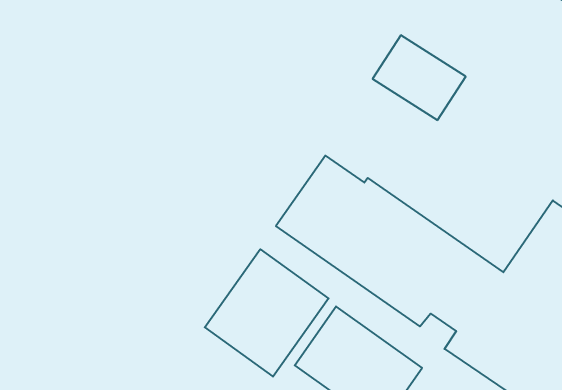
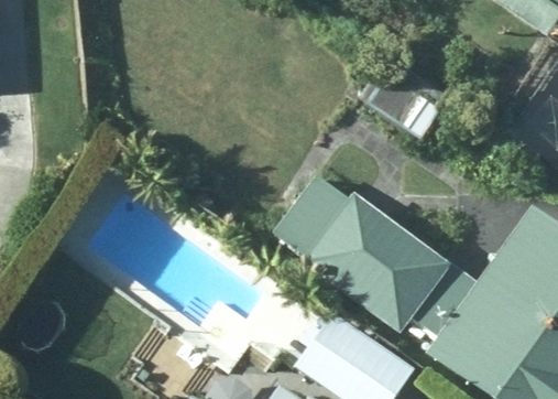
building: [205,249,329,377] -> none

